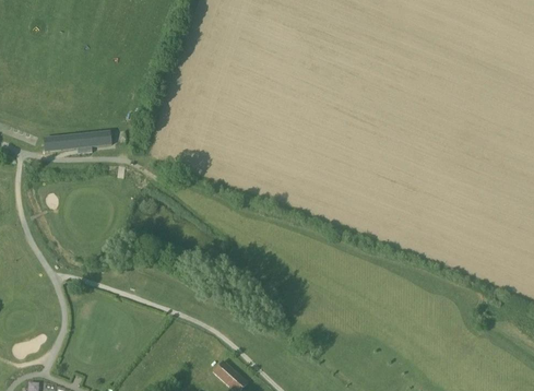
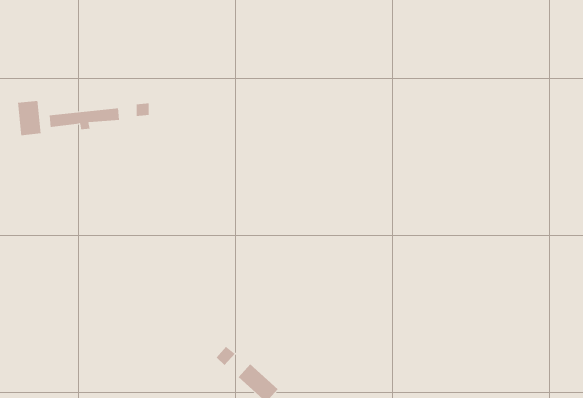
building: none -> [17,100,41,136]

